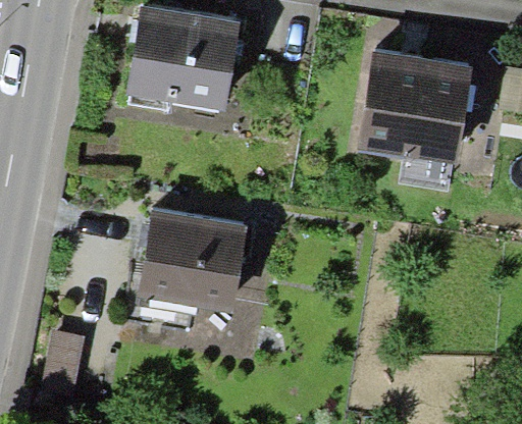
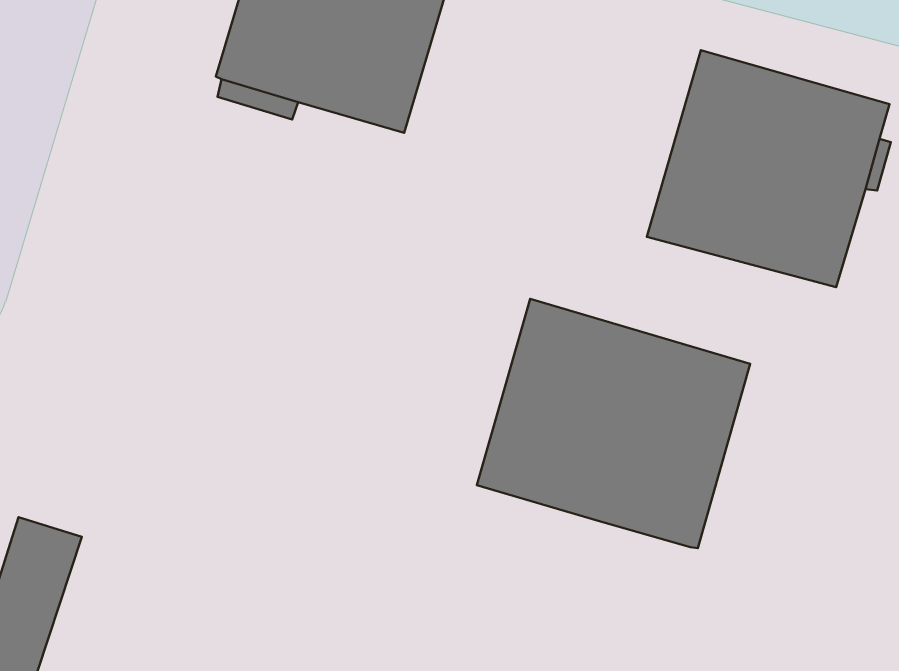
building: none -> [477,299,750,548]
building: [138,210,246,312] -> none

